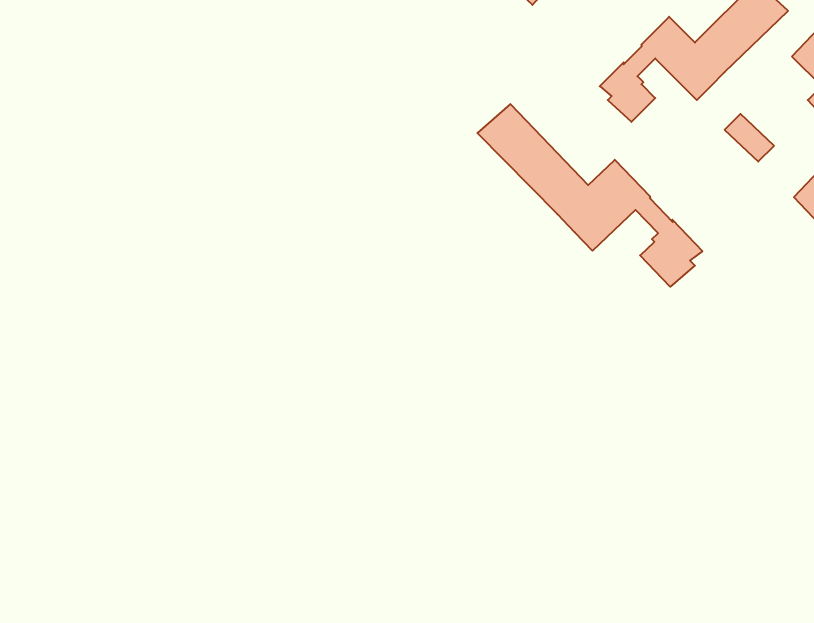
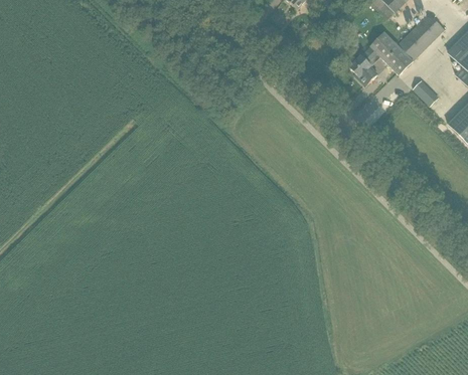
building: [477,104,702,287] -> none

